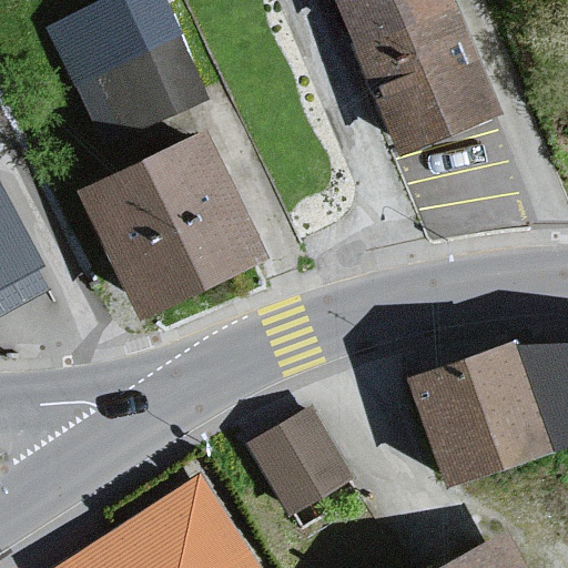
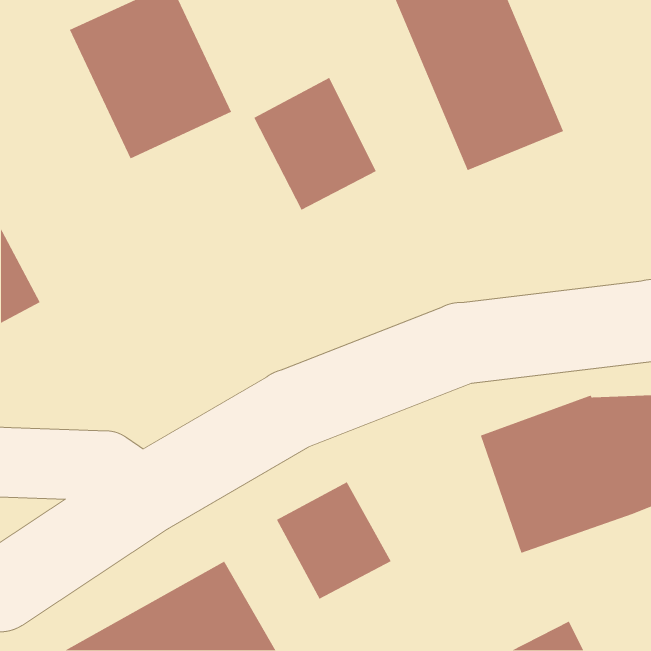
building: none -> [253,77,377,211]
building: [92,136,264,311] -> none

